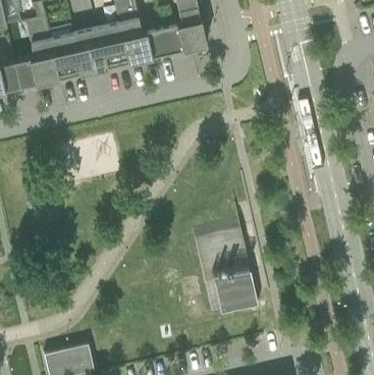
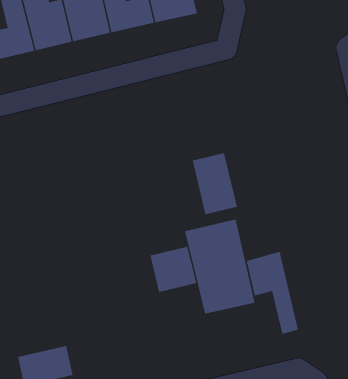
building: none -> [192,152,238,215]
building: none -> [149,246,197,293]
building: none -> [246,251,299,335]

